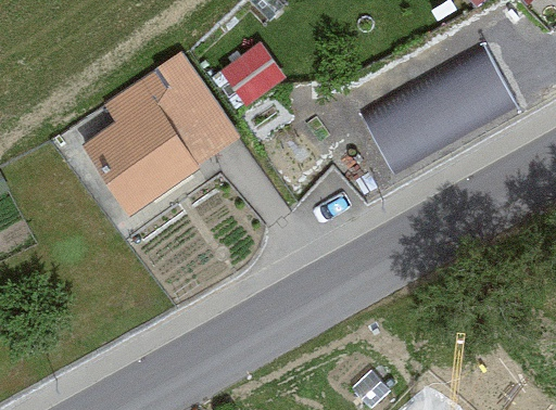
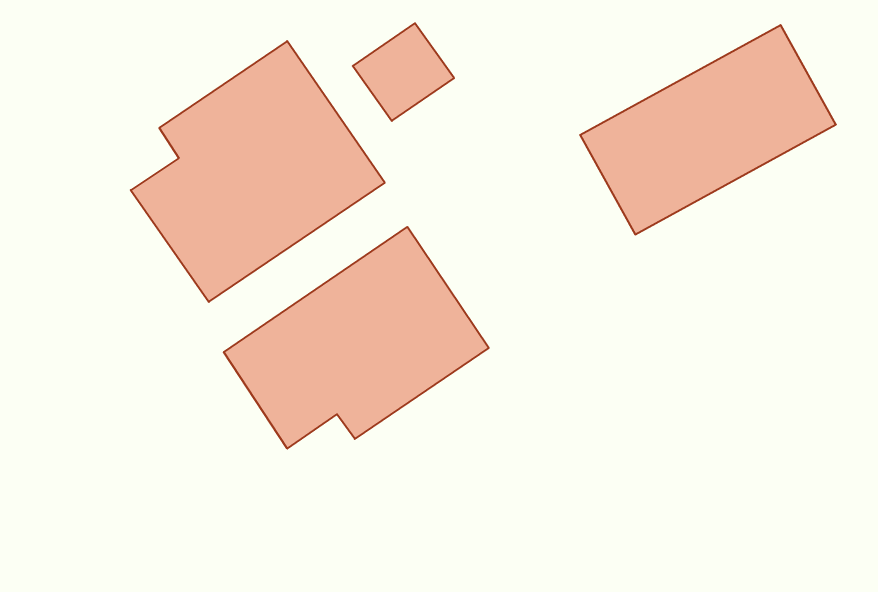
building: none -> [224,227,489,449]

